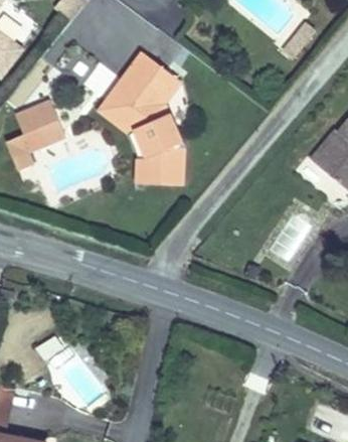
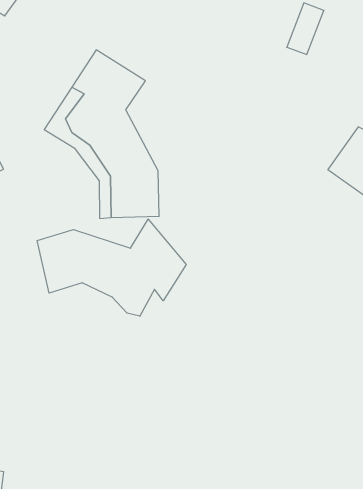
building: none -> [37,219,186,316]

